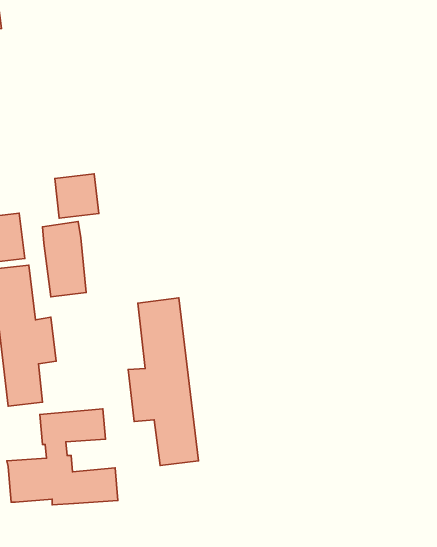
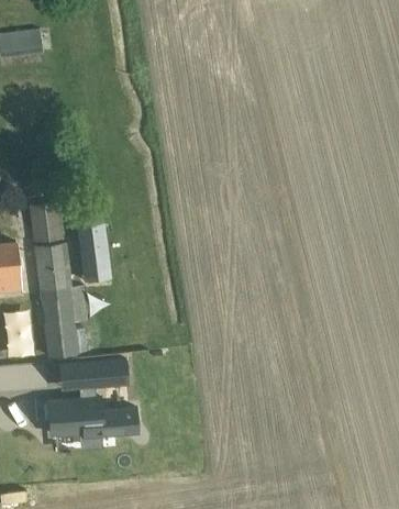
building: [55,174,99,218] -> none
building: [128,298,198,466] -> none

